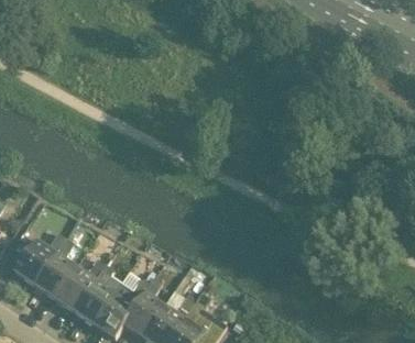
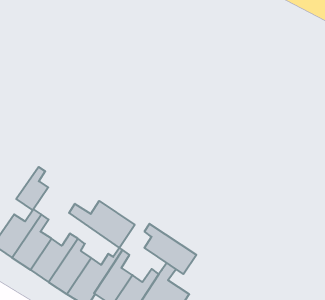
building: none -> [16,167,48,210]
building: none -> [69,201,135,248]
building: none -> [144,224,196,274]

